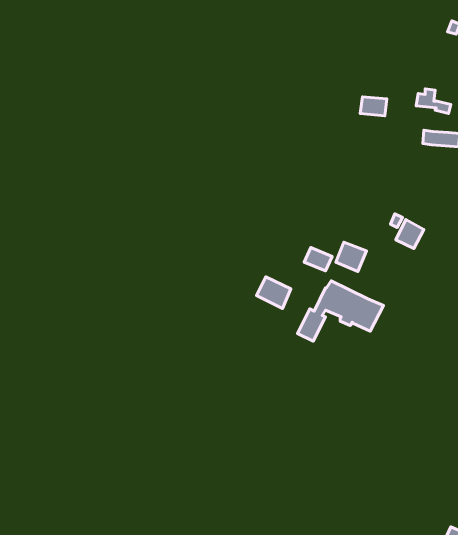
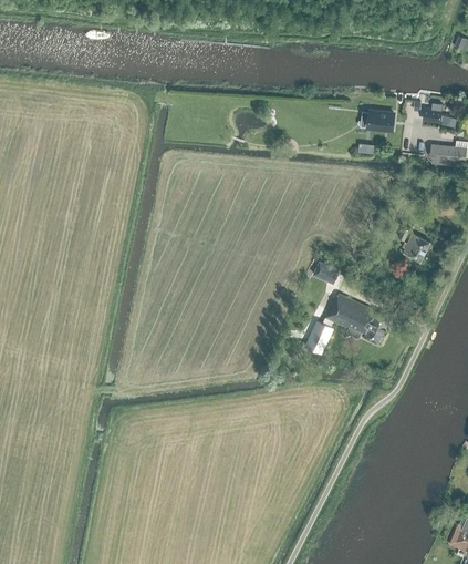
building: [336,242,367,272] -> none
building: [256,277,291,309] -> none

